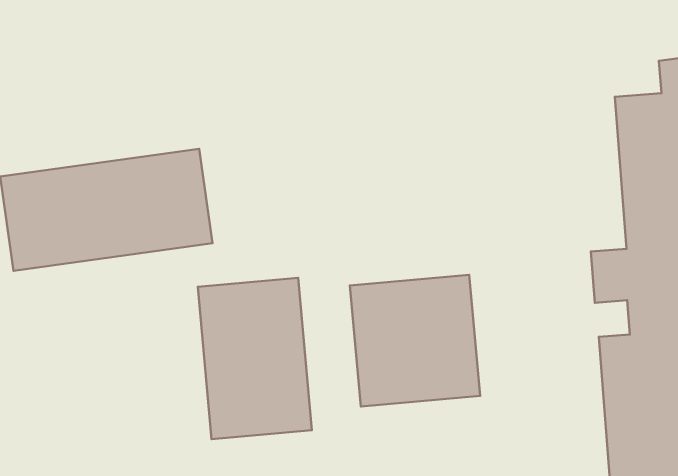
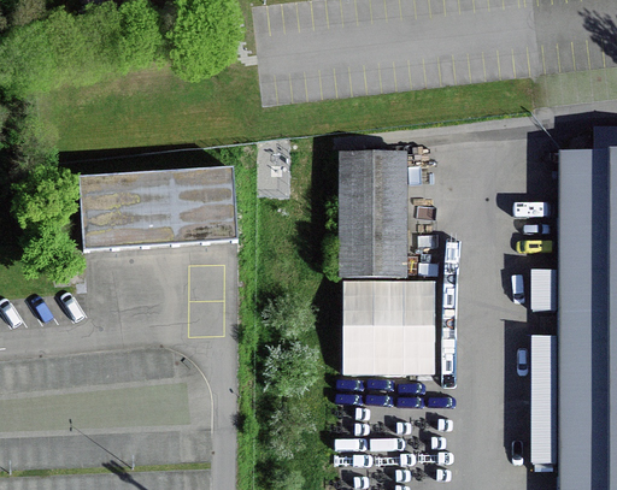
building: none -> [340,152,409,277]
building: [198,278,312,439] -> none

